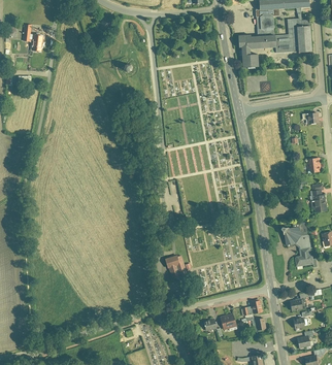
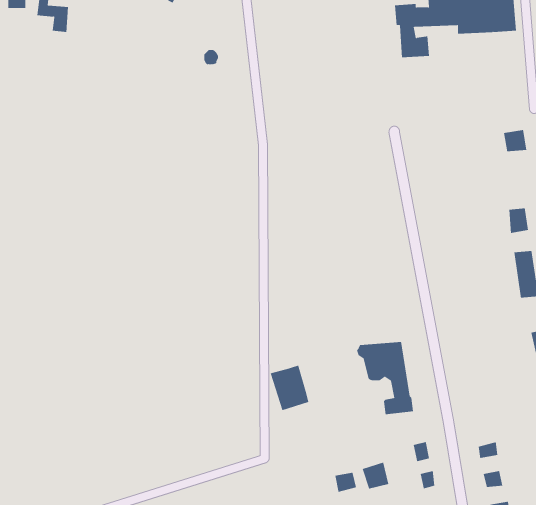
building: [278,221,313,265] -> [356,342,414,415]

